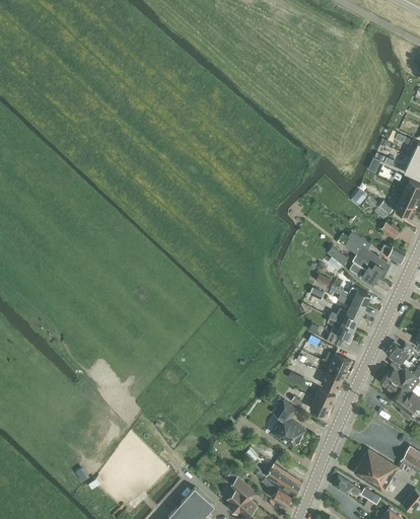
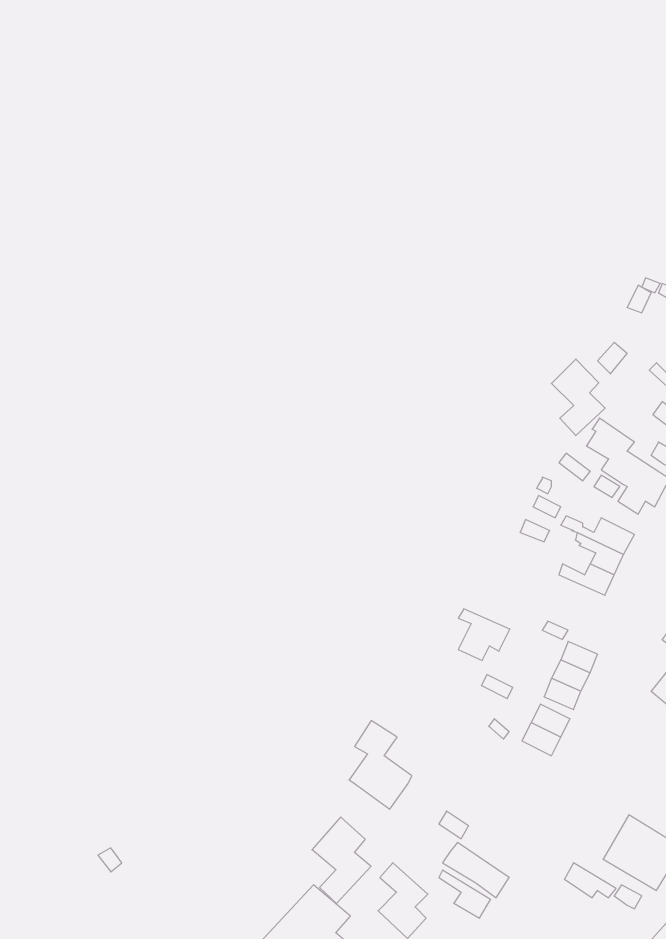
building: none -> [551,359,605,436]
building: [327,317,355,346] -> [458,609,510,660]
building: [271,399,305,448] -> [349,721,412,809]
building: none -> [312,817,371,903]

